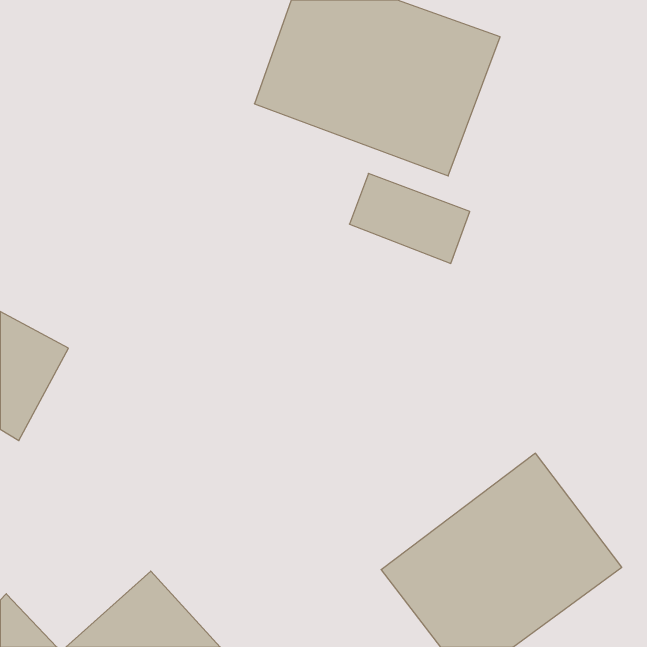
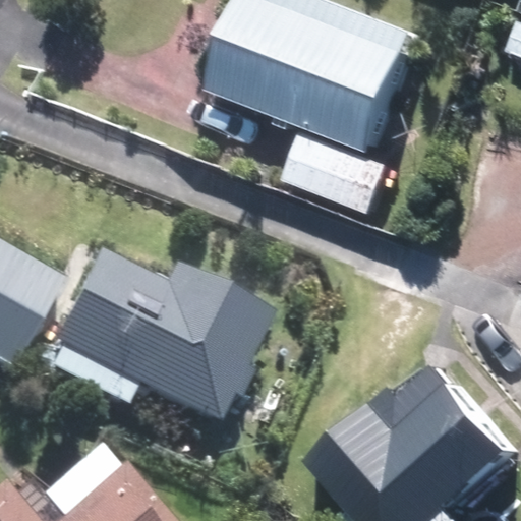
building: none -> [61,249,278,415]

